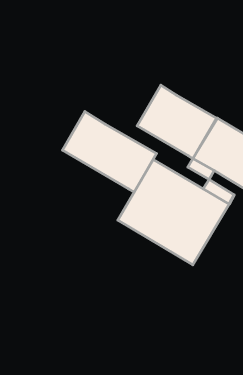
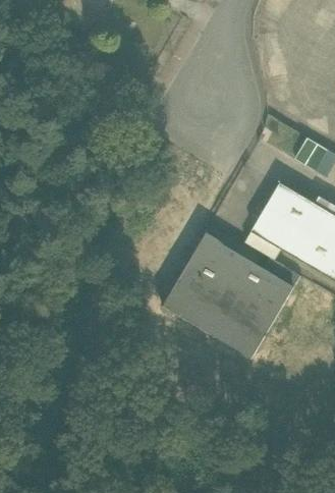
building: [137,85,217,159] -> none
building: [63,111,156,192] -> none

